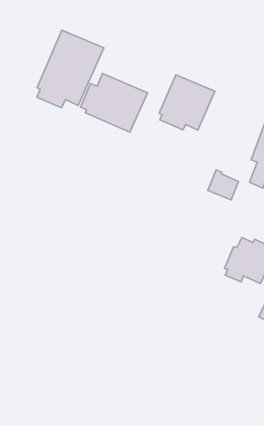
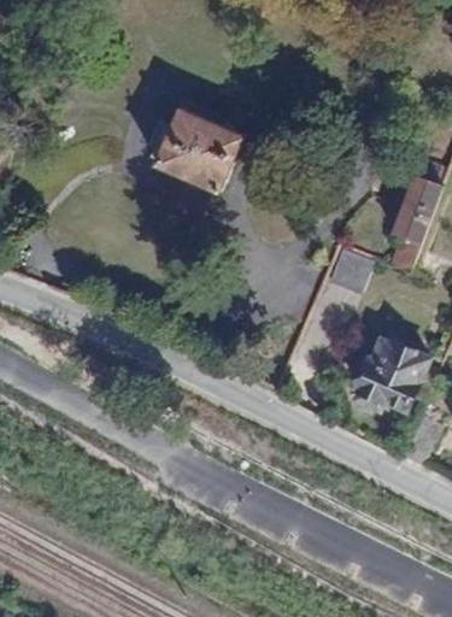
building: [37,30,104,108] -> none
building: [159,75,215,130] -> none

